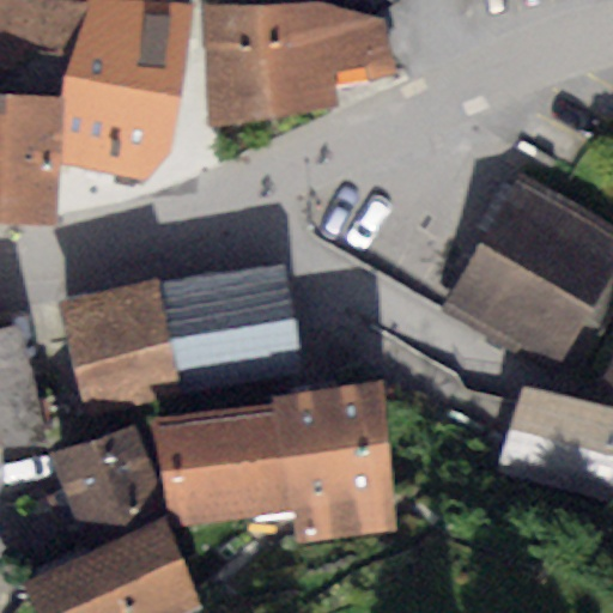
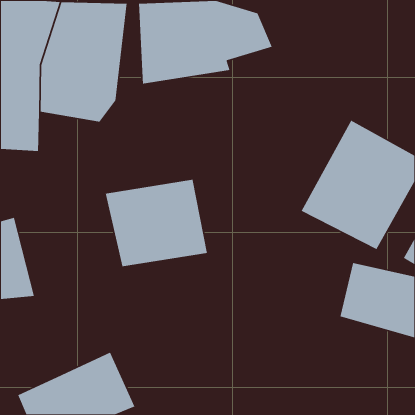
building: [61,285,180,414] -> none
building: [158,378,397,545] -> none
building: [49,429,163,556] -> none

